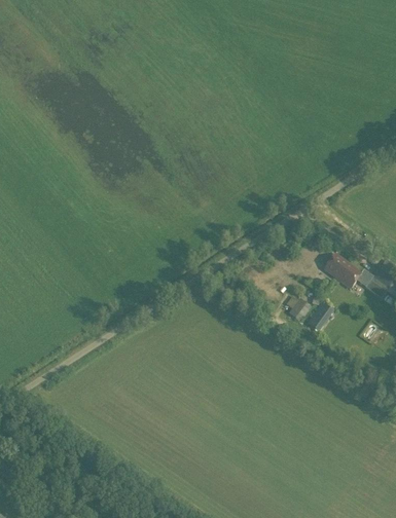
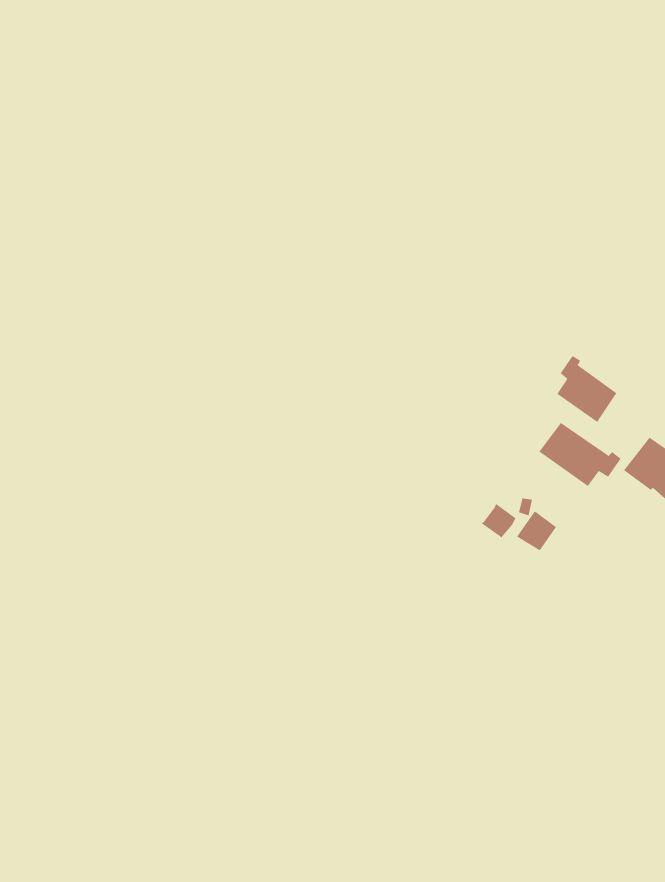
building: none -> [556,355,617,423]

